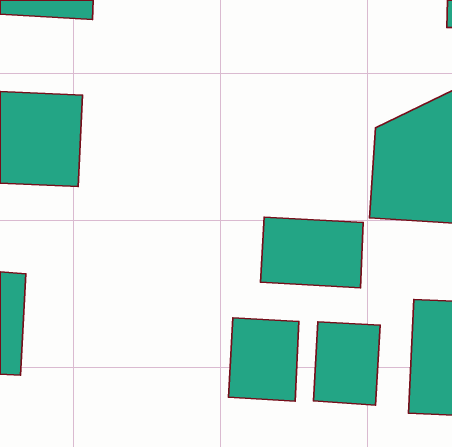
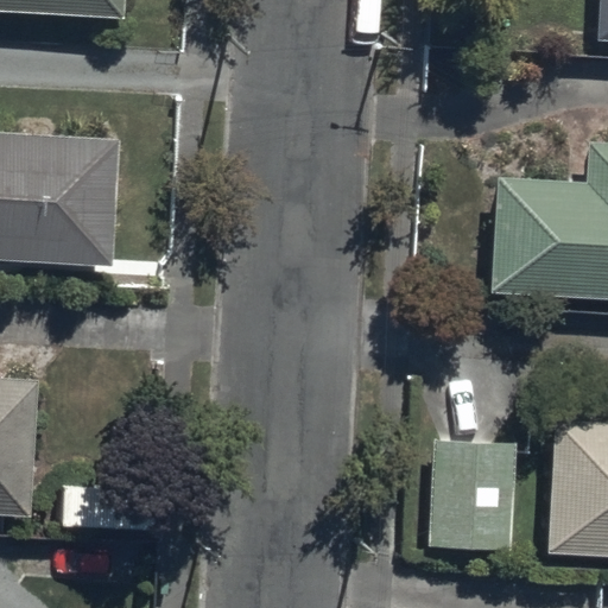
building: [260,217,363,288] -> none
building: [228,318,299,401] -> none

